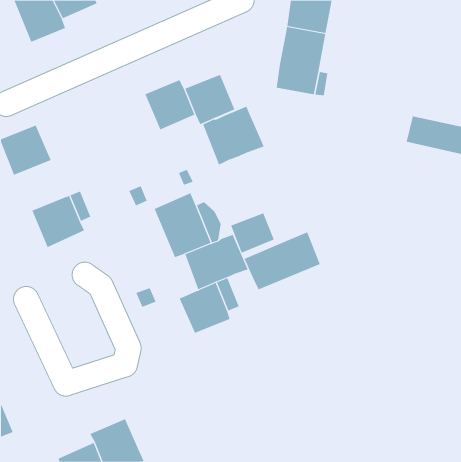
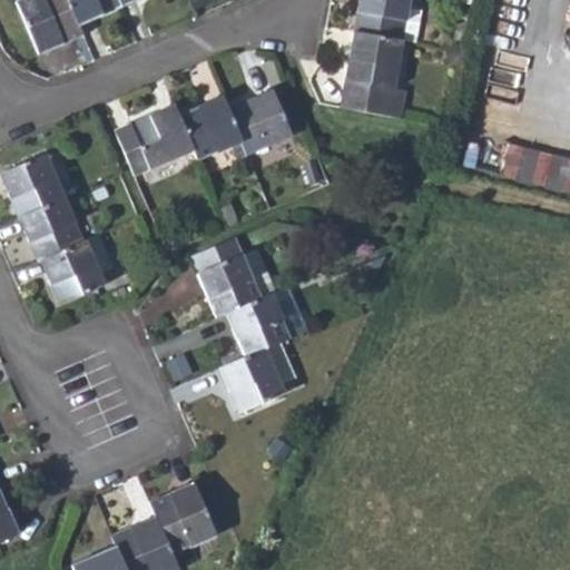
building: none -> [115,105,194,175]
building: [202,106,265,166] -> none
building: none -> [18,197,83,262]
building: [231,213,275,254] -> none
building: [244,231,321,290] -> none
building: none -> [149,483,216,553]

